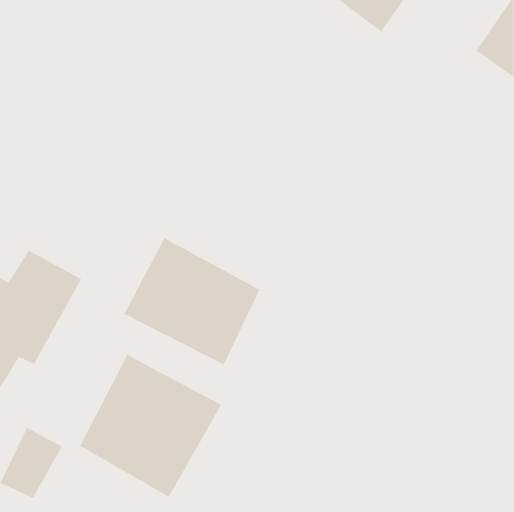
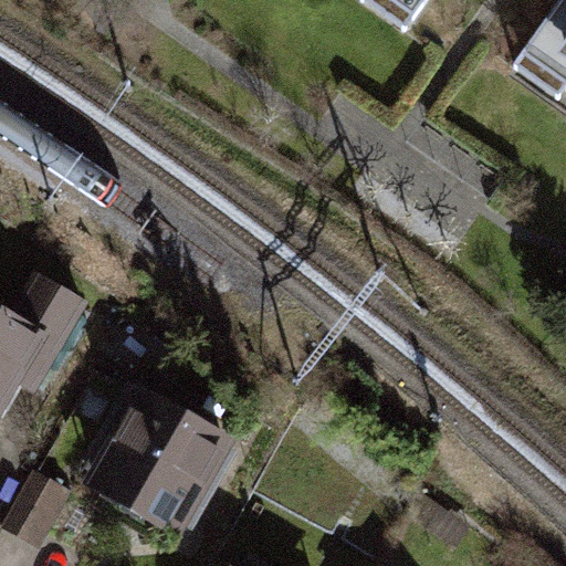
building: [123,237,261,365] -> none

